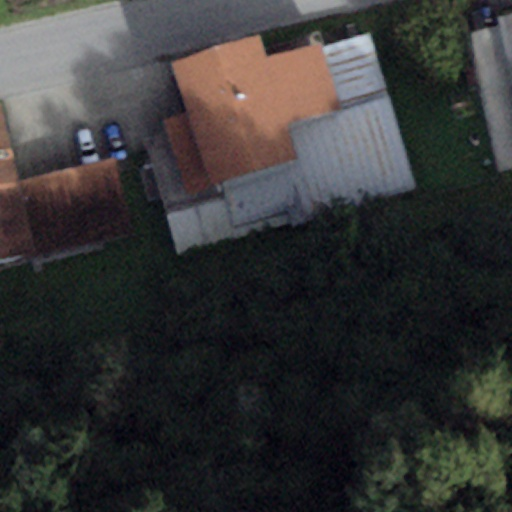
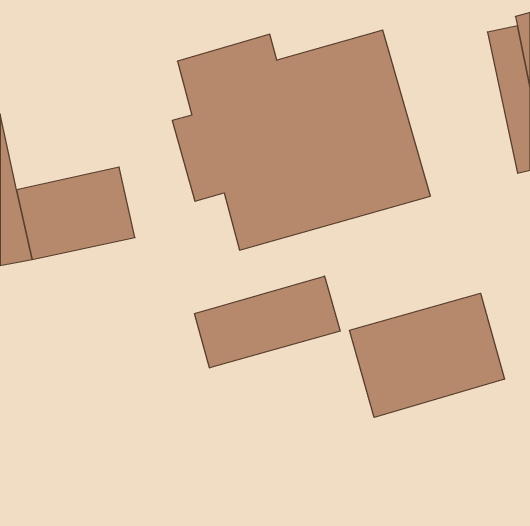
building: none -> [194,276,340,368]
building: none -> [349,293,505,417]

